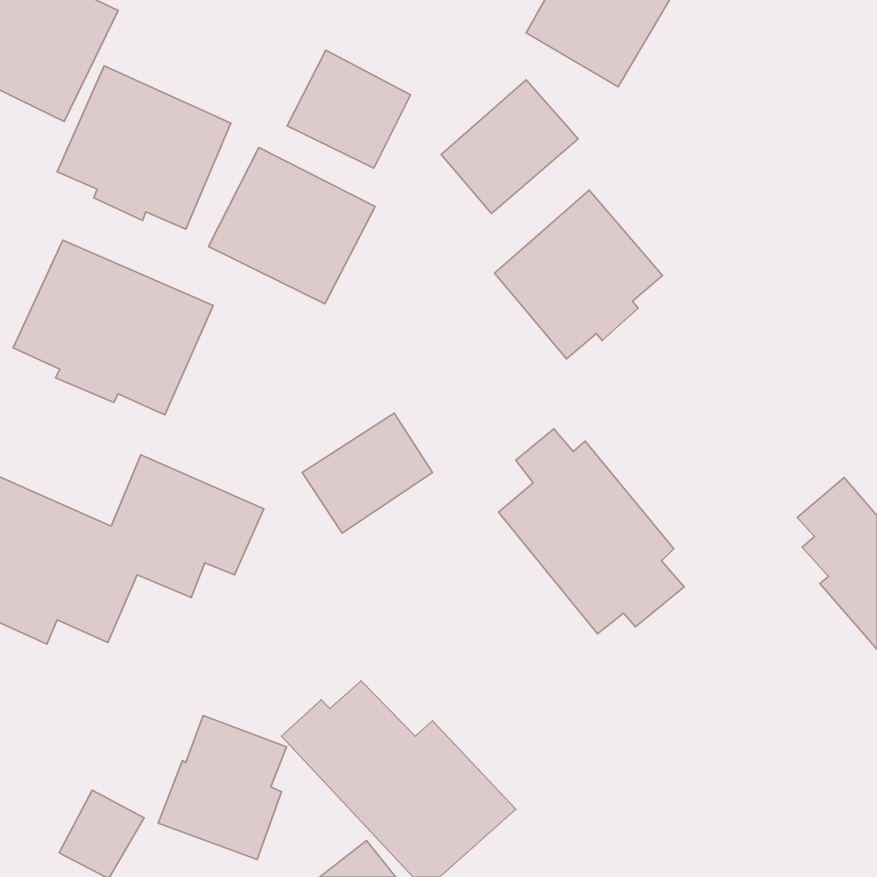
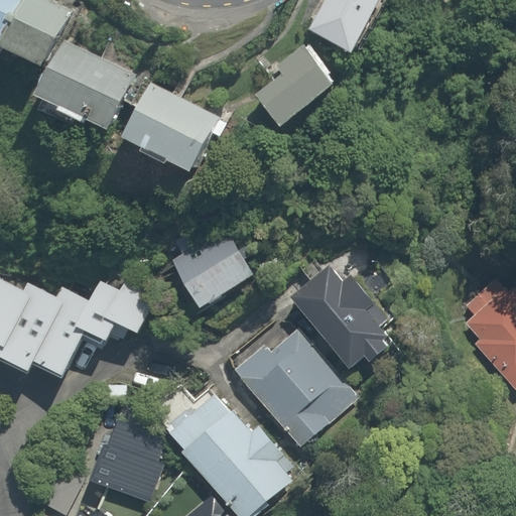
building: [287,50,411,168] -> none
building: [495,190,663,359] -> none
building: [13,240,213,415] -> none
building: none -> [228,327,356,447]

